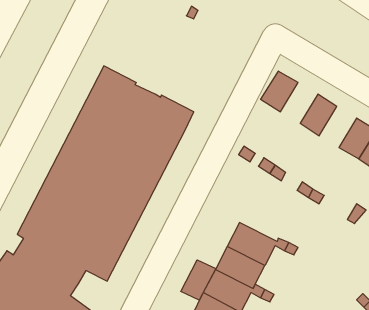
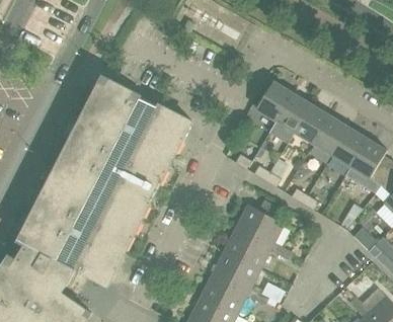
building: none -> [267,92,311,143]
building: none -> [312,115,348,155]
building: none -> [235,205,284,246]
building: [181,260,216,300] -> none

